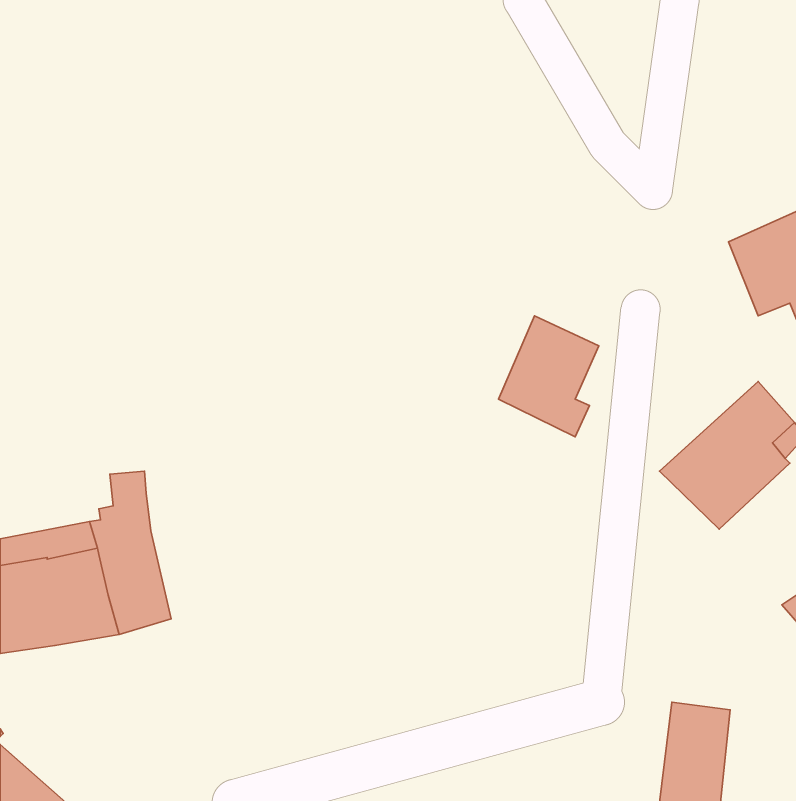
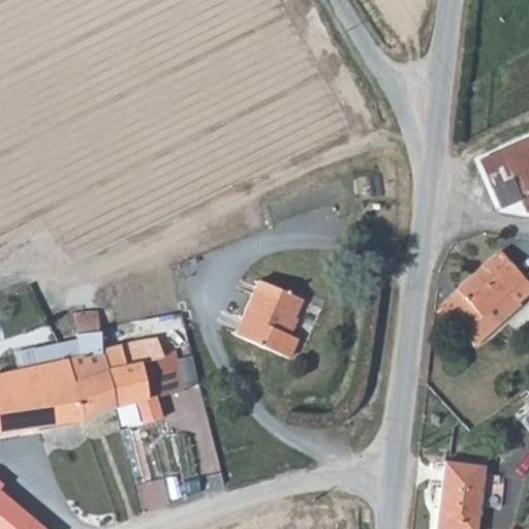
building: [498,316,599,437] -> [236,276,302,355]
building: none -> [103,340,185,425]

